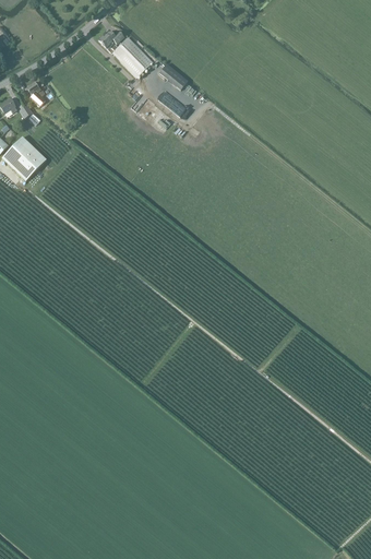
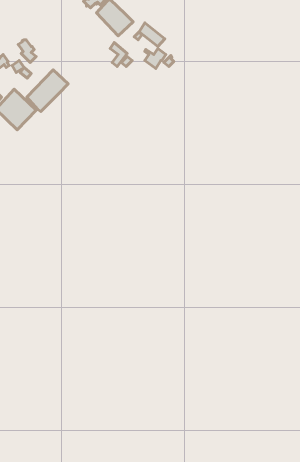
building: none -> [27,70,68,111]

